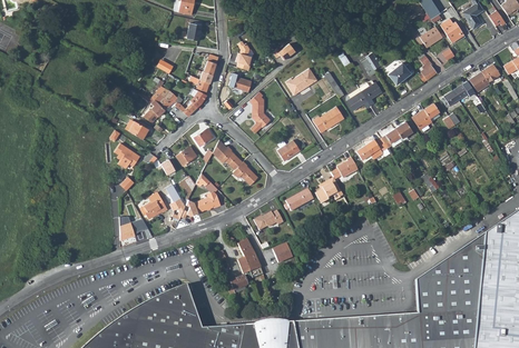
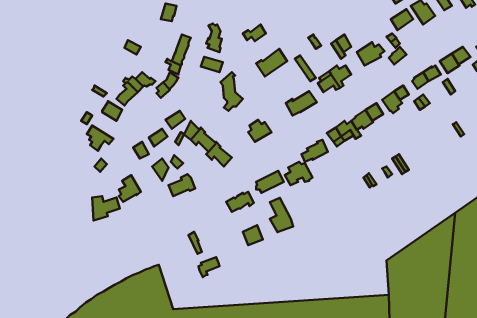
building: [236,239,260,274] -> [270,198,293,232]

